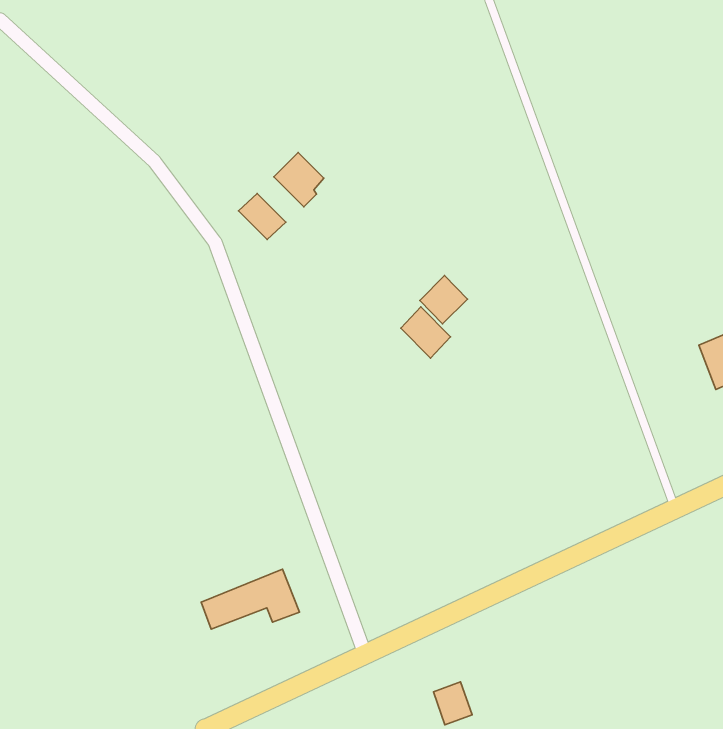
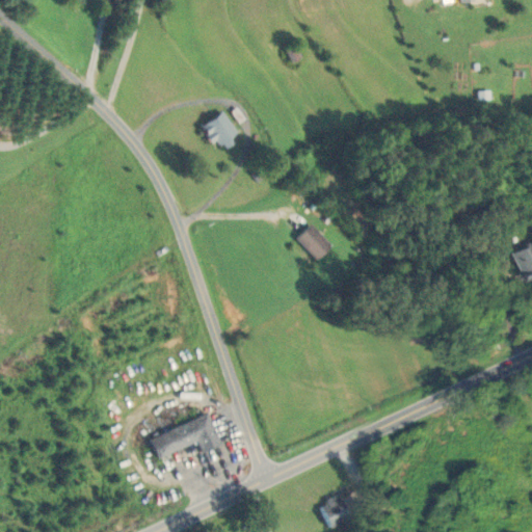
building: [239,194,286,239] -> none
building: [420,275,467,324] -> none

